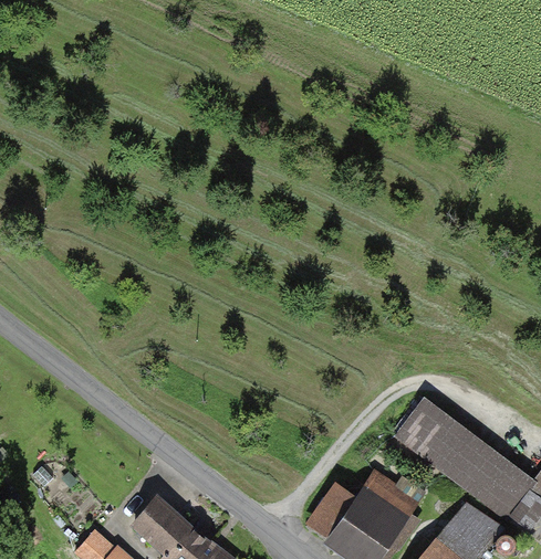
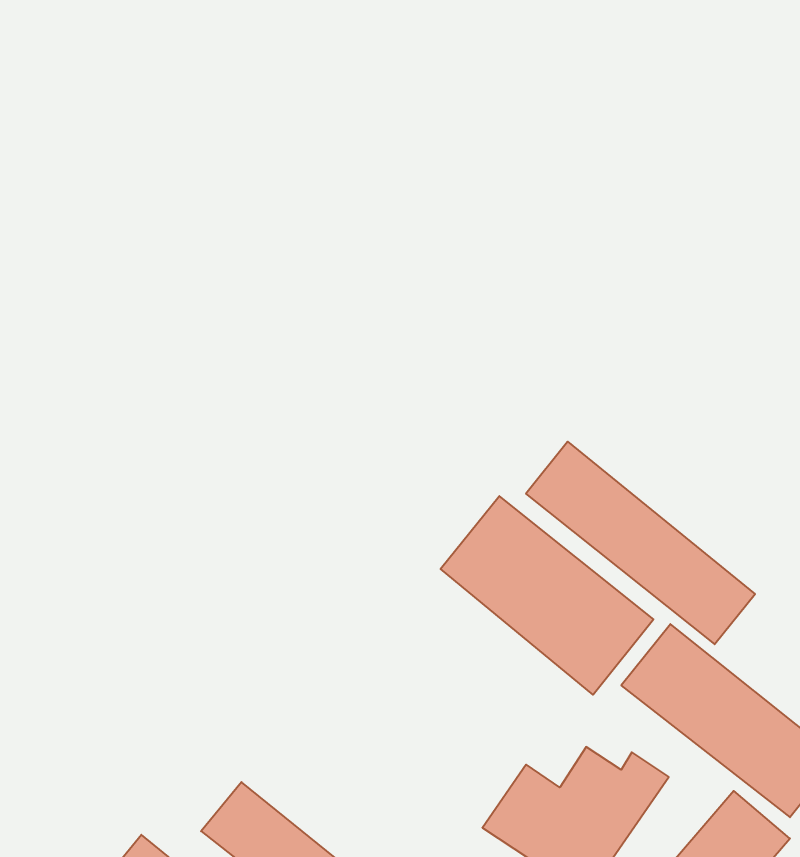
building: none -> [526,442,755,644]
building: none -> [441,496,653,695]

